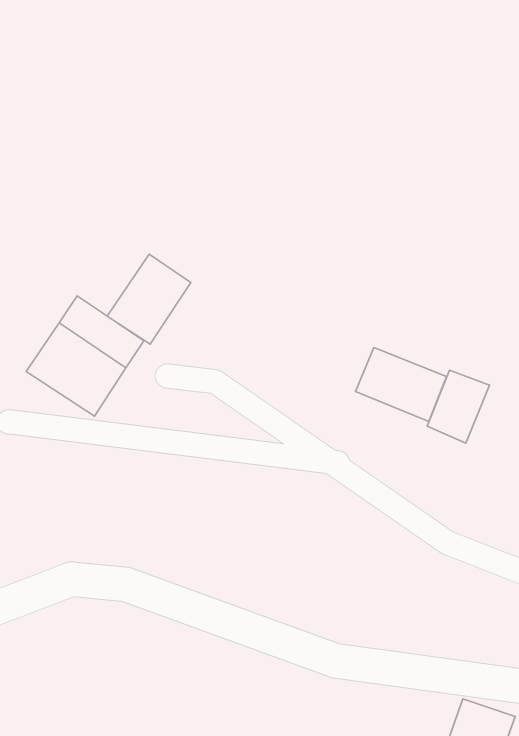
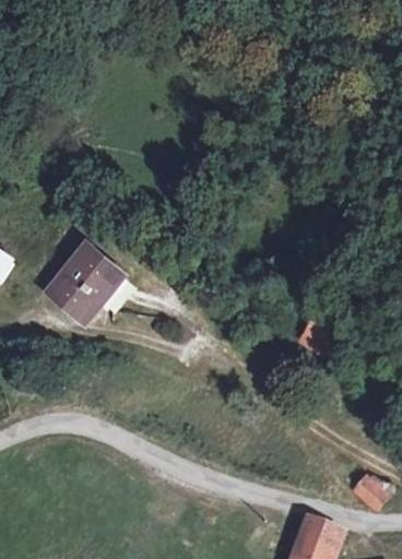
building: [107,254,191,344] -> none
building: [355,348,446,422] -> none

